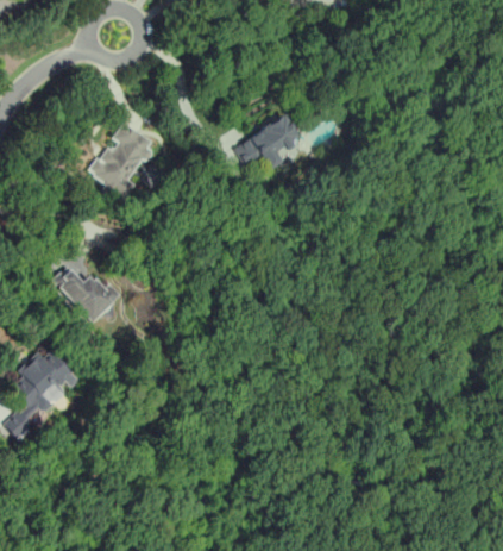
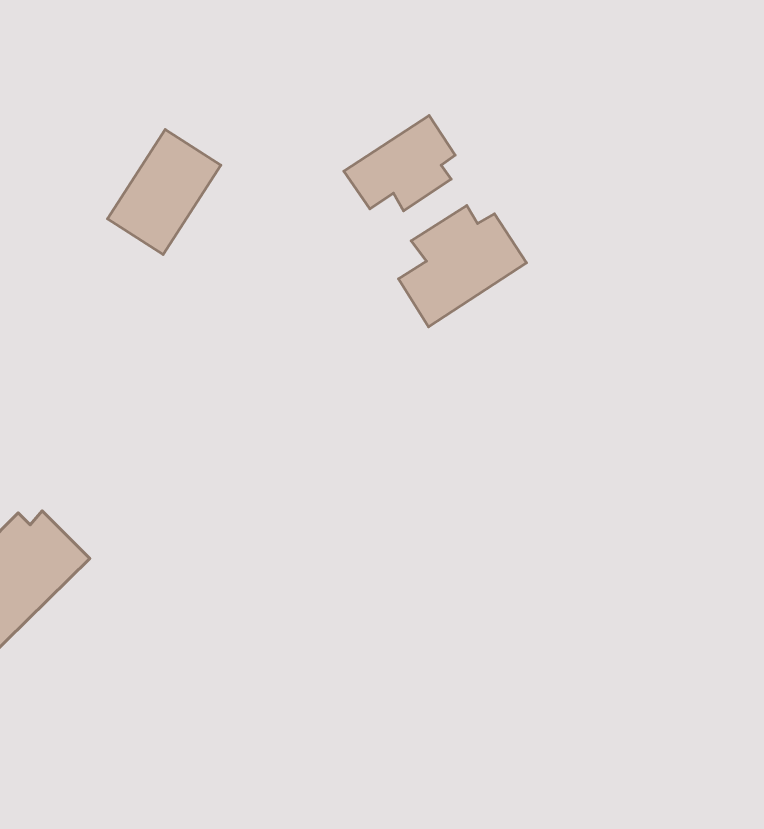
building: none -> [399,205,527,327]
building: [50,264,118,323] -> none

